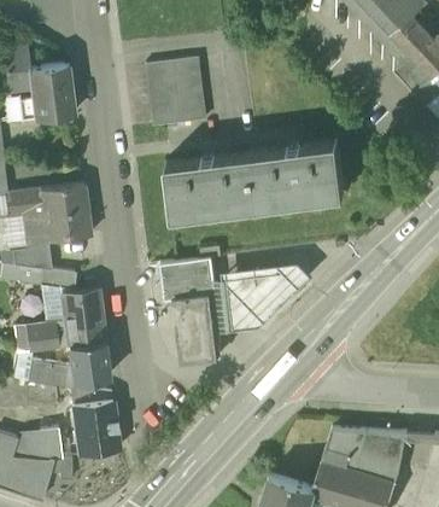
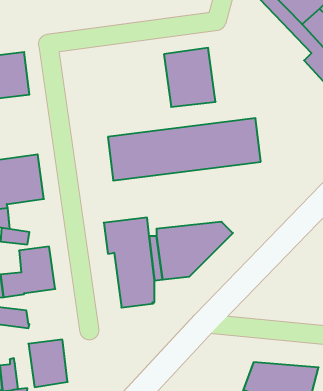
building: [145,57,205,126] -> [164,48,216,107]
building: [68,340,109,381] -> none

